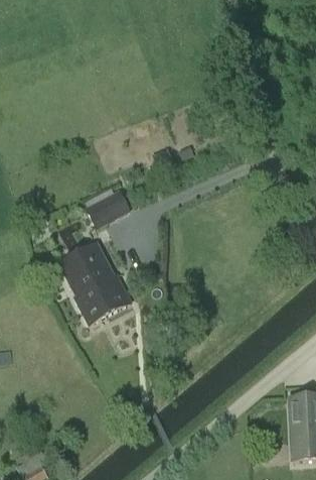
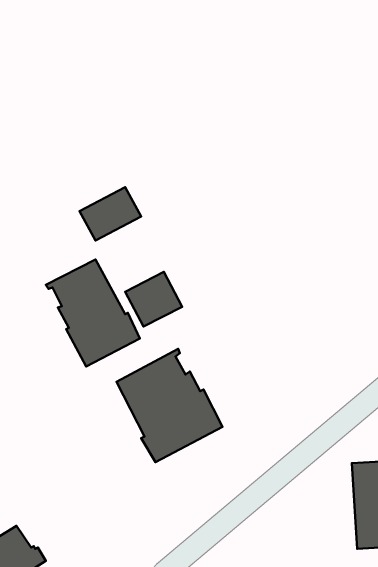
building: none -> [125,272,182,327]
building: none -> [117,349,223,462]

